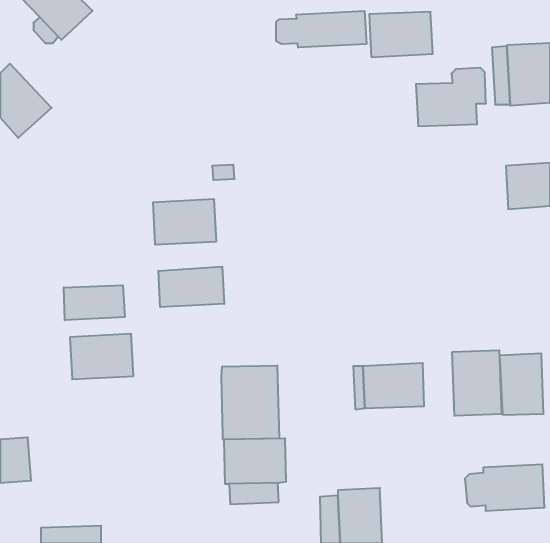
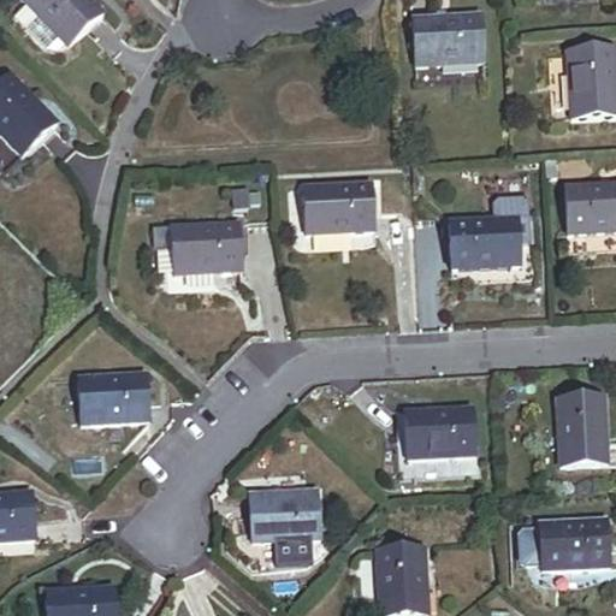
building: [276,11,366,48] -> none
building: [416,68,486,126] -> [450,201,528,266]
building: none -> [304,182,374,232]
building: [158,267,224,307] -> none
building: [64,285,125,320] -> none
building: [452,350,502,416] -> none
building: [221,365,279,440] -> none

